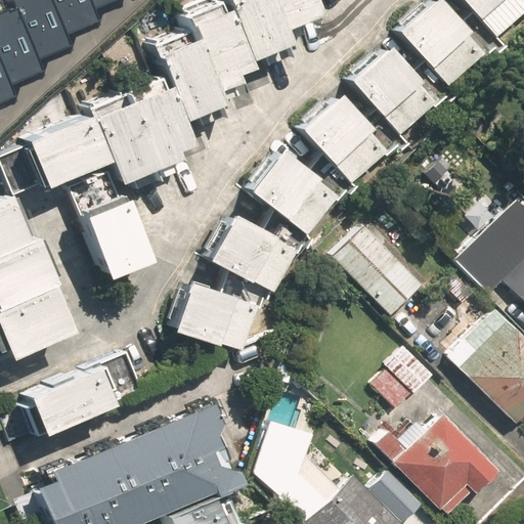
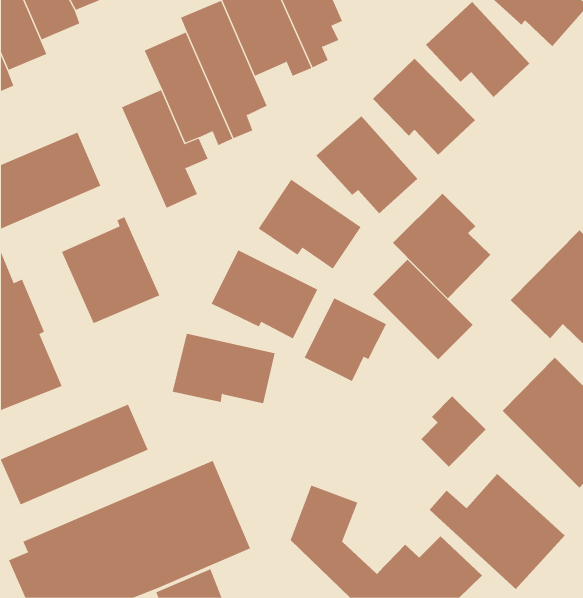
building: [73,72,161,191] -> none
building: none -> [392,193,491,299]
building: none -> [304,298,387,382]

